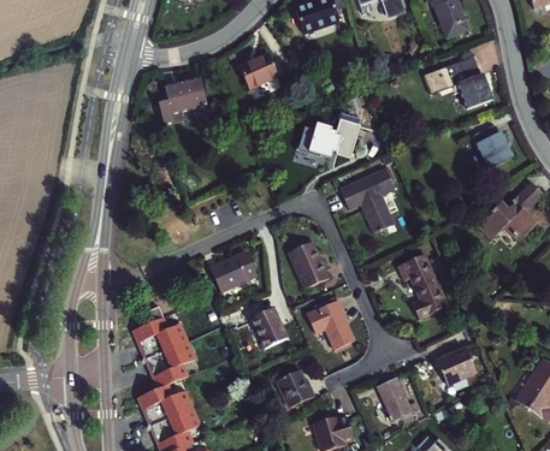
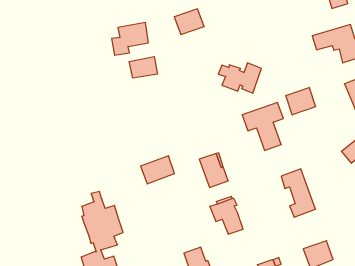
building: none -> [129,57,157,78]
building: none -> [286,87,315,115]
building: [252,307,288,346] -> none

